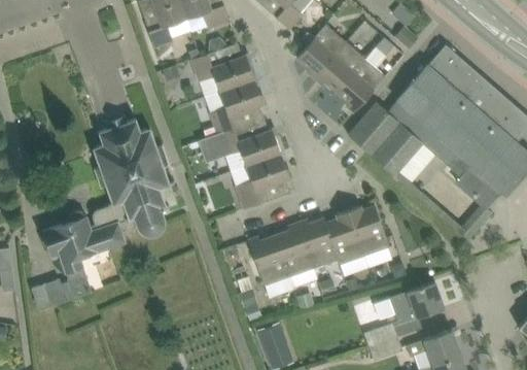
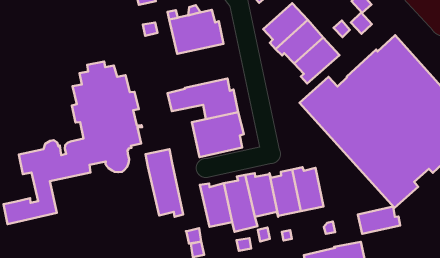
building: [205,79,265,134] -> none
building: none -> [146,149,183,217]
building: none -> [358,207,400,234]

